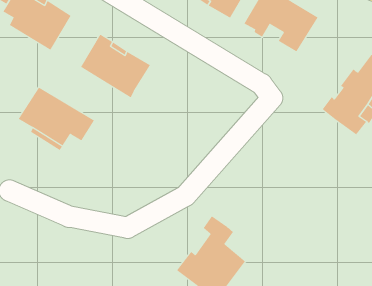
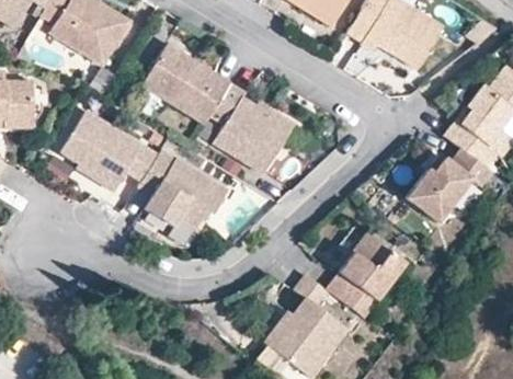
building: none -> [209,83,293,173]
building: none -> [138,148,229,229]
building: none -> [409,152,495,226]
building: none -> [328,233,403,311]

